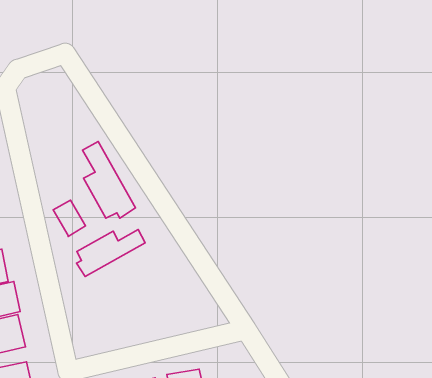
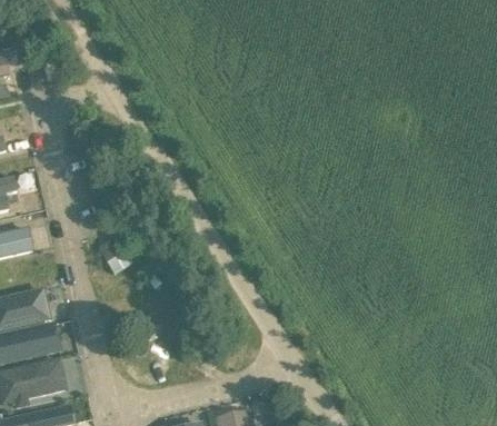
building: [82,142,136,218] -> none
building: [77,229,145,276] -> none

